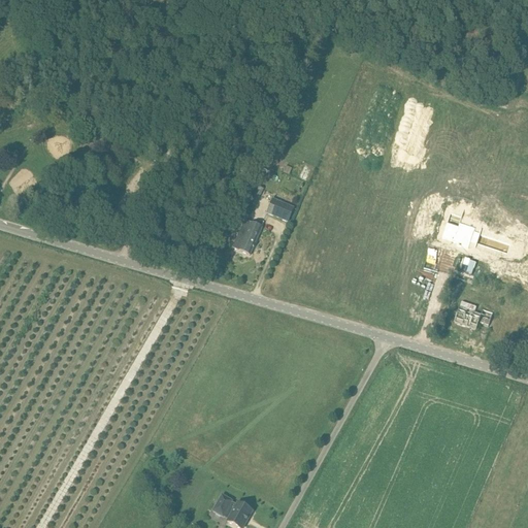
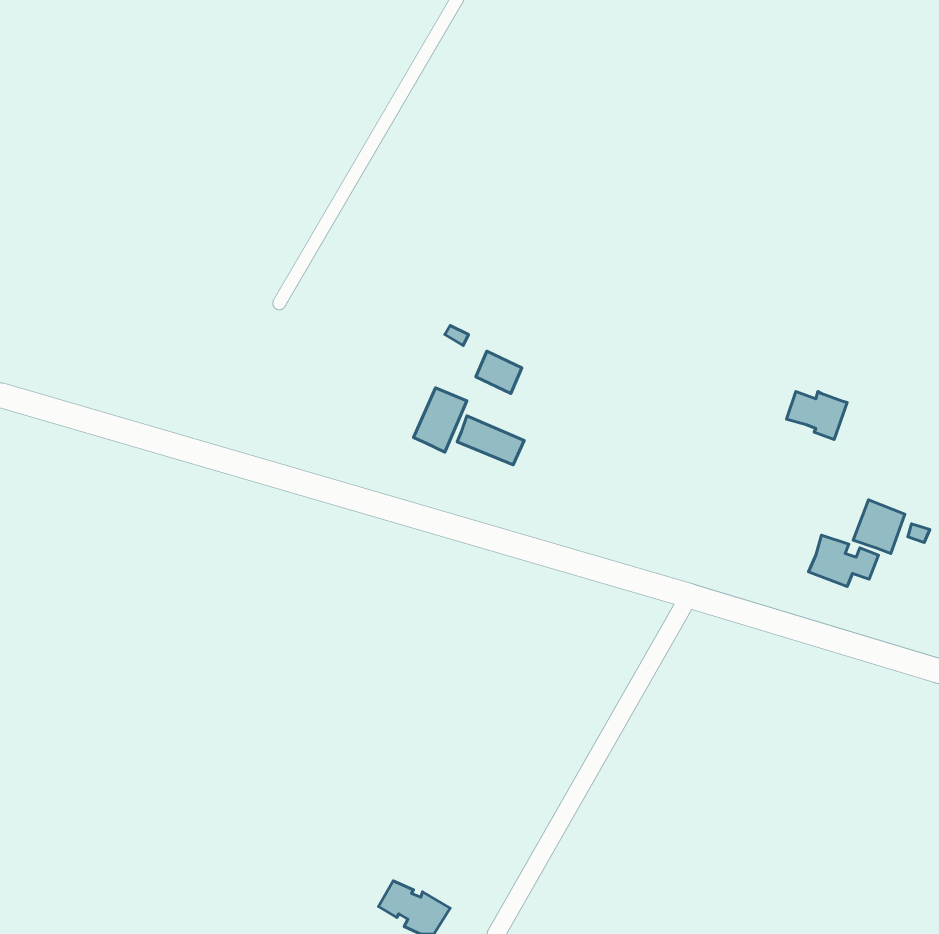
building: none -> [457,416,524,465]
building: none -> [853,500,905,553]

